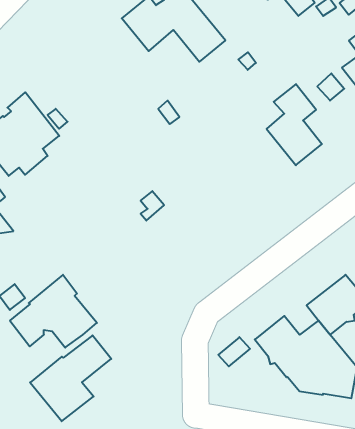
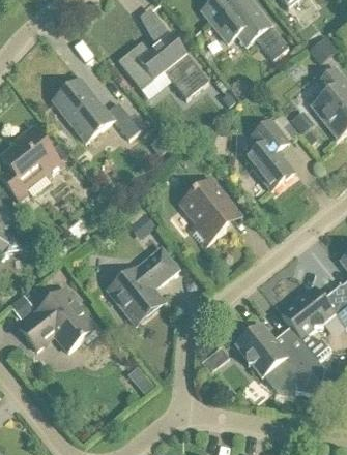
building: none -> [52,78,140,141]
building: none -> [178,177,235,245]
building: [30,335,111,421] -> [107,247,178,323]

